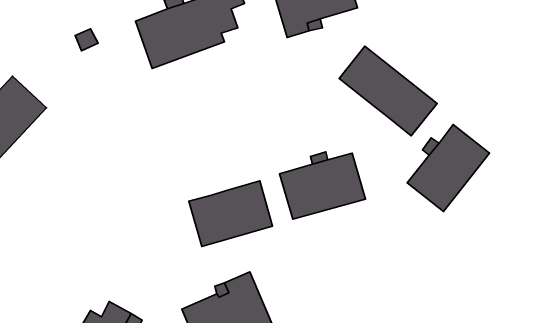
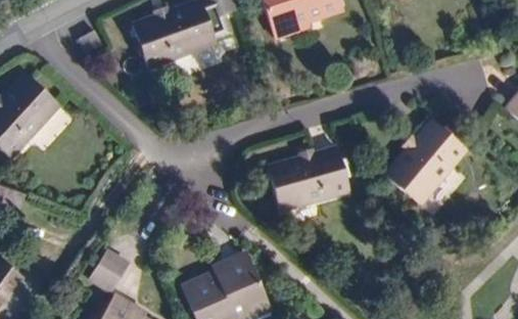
building: [339,46,437,136] -> none
building: [189,181,273,246] -> none
building: none -> [95,243,133,283]

